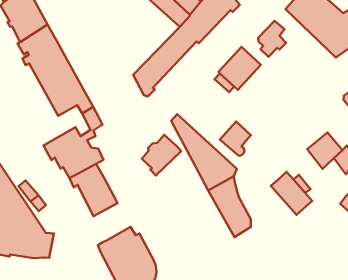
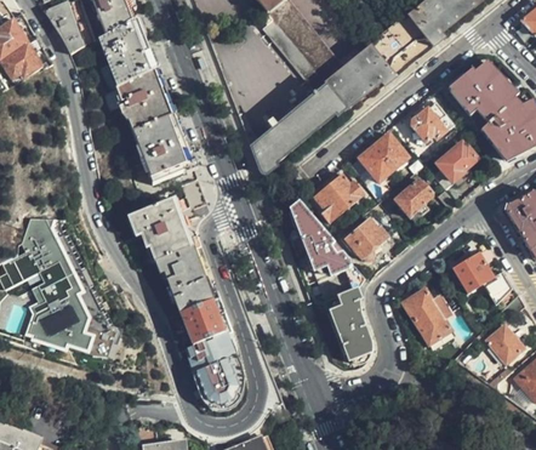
building: none -> [438,142,475,180]
building: none -> [395,178,433,217]
building: [142,135,181,175] -> [313,171,363,220]
building: none -> [178,300,222,343]

